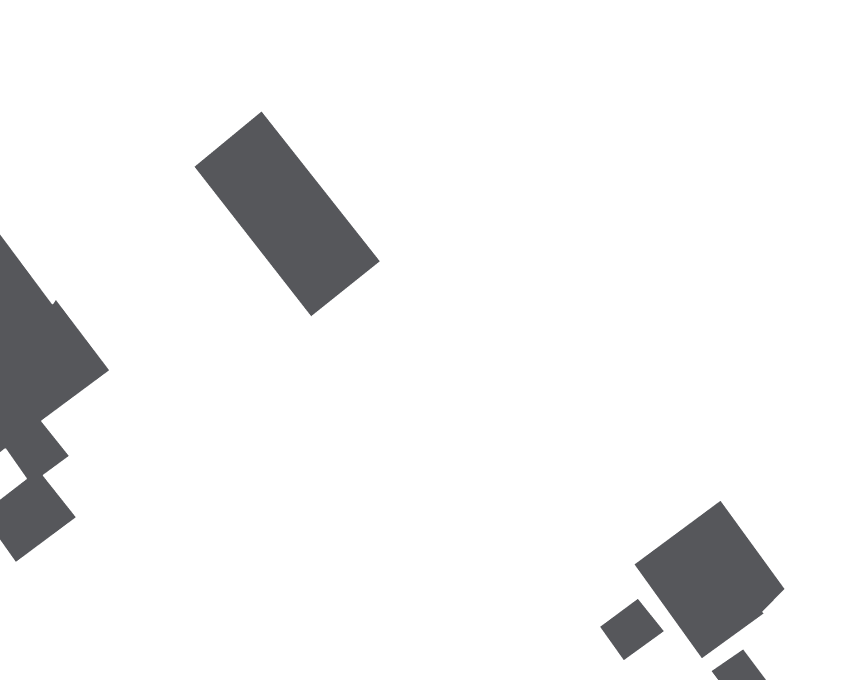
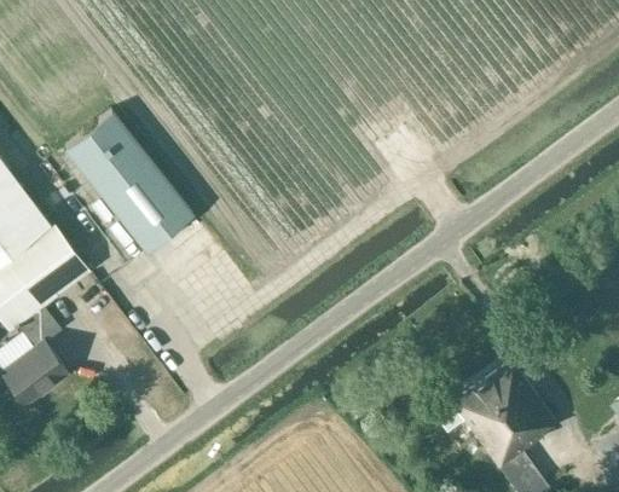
building: [194,111,381,317] -> [64,110,193,253]
building: [599,598,665,661] -> none

